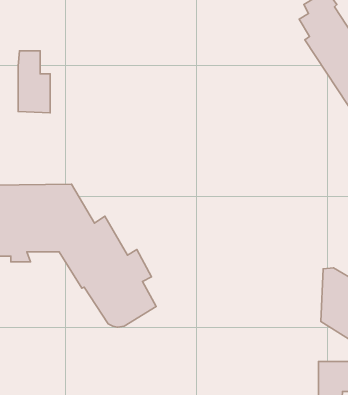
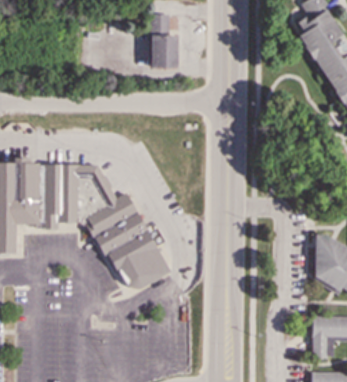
building: [18,51,50,113] -> [148,13,176,67]

